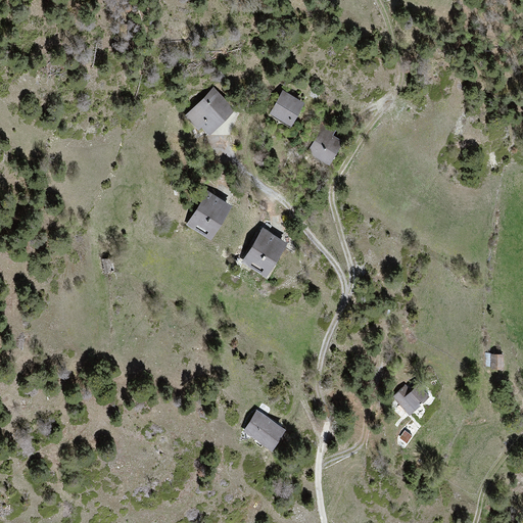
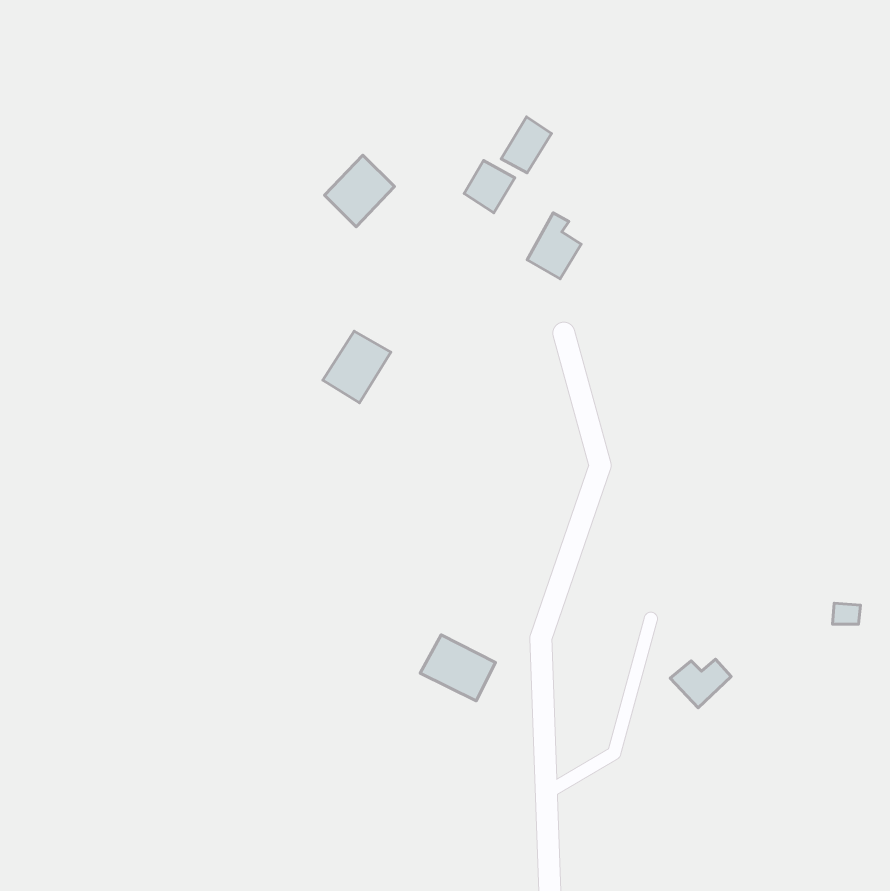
building: none -> [501,117,552,173]
building: [244,231,284,274] -> none
building: [245,412,289,450] -> [420,635,495,701]

